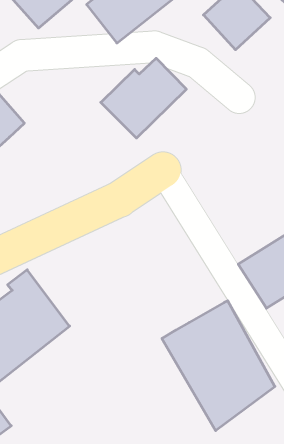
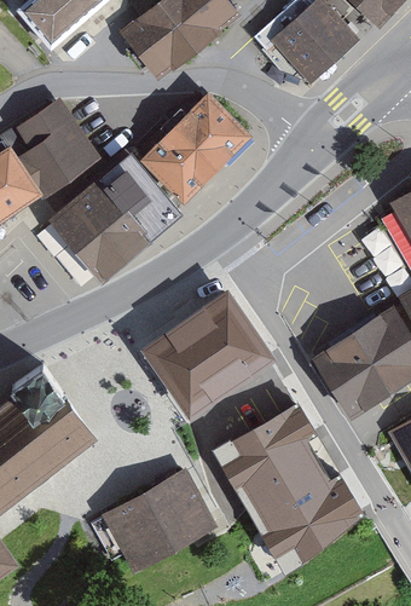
building: none -> [18,94,99,180]
building: none -> [52,150,176,276]
building: none -> [145,295,272,417]
building: none -> [103,473,213,570]

